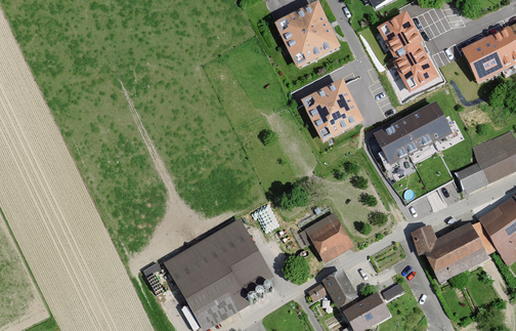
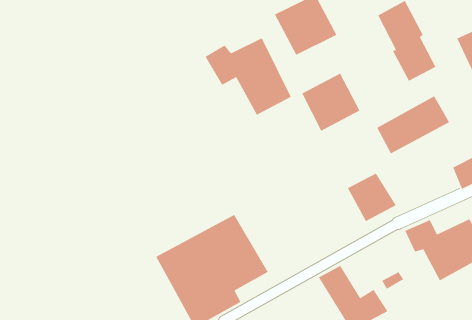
building: none -> [204,37,292,116]
building: [304,215,353,264] -> [347,172,397,222]

